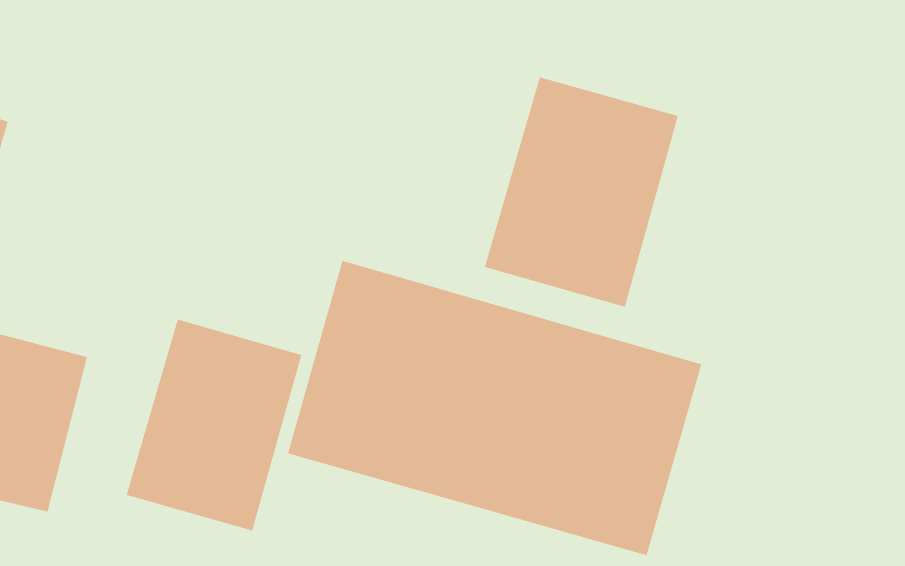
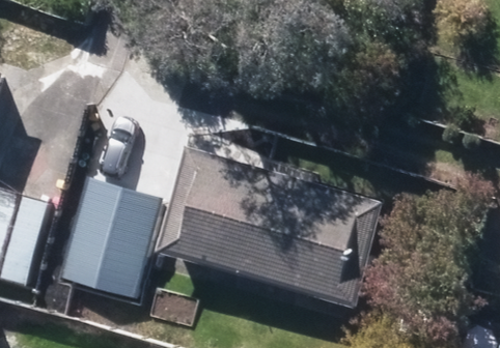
building: [484,77,678,308] -> none

